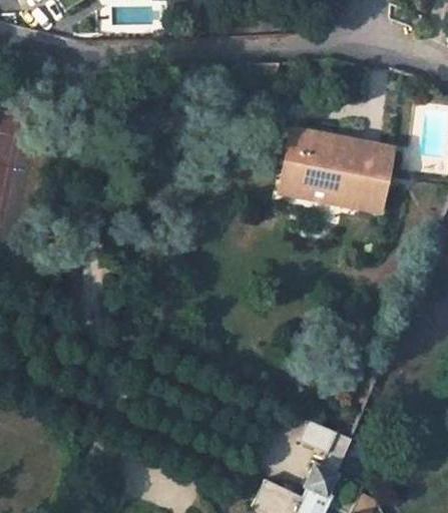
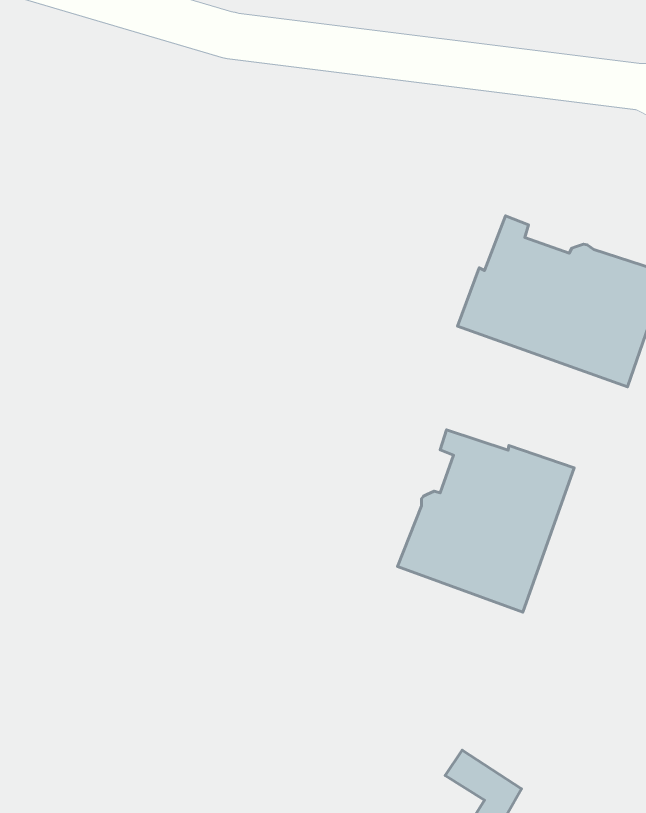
building: none -> [398,430,574,612]

